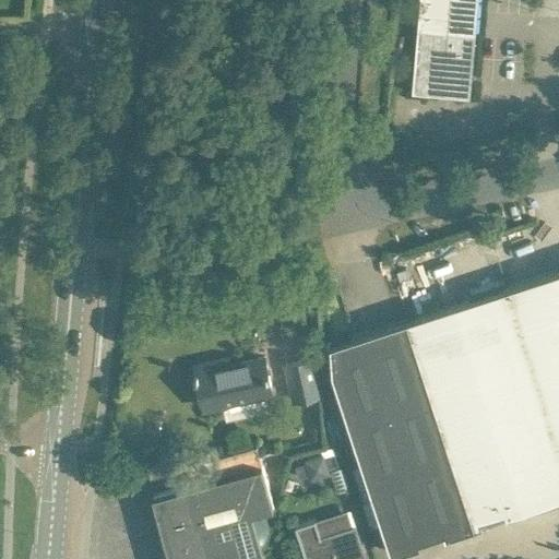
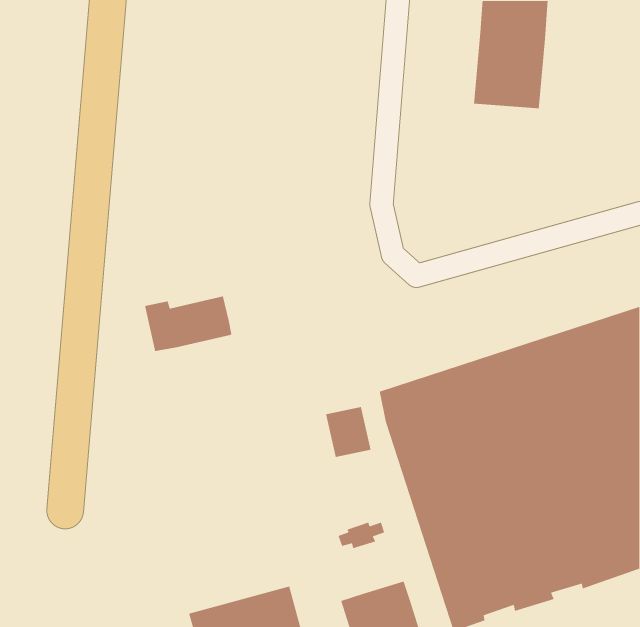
building: [195,367,272,416] -> [144,295,232,352]
building: [144,455,274,546] -> none

